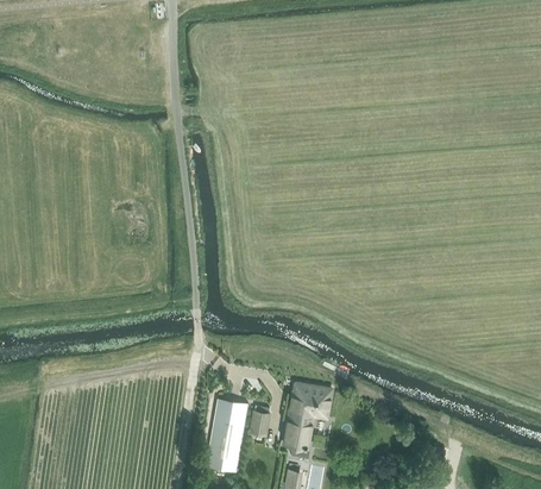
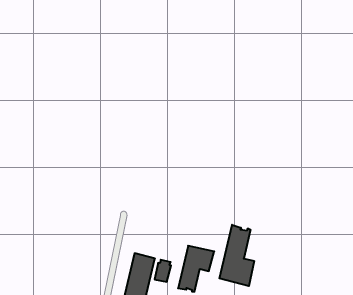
building: none -> [219,225,254,286]

